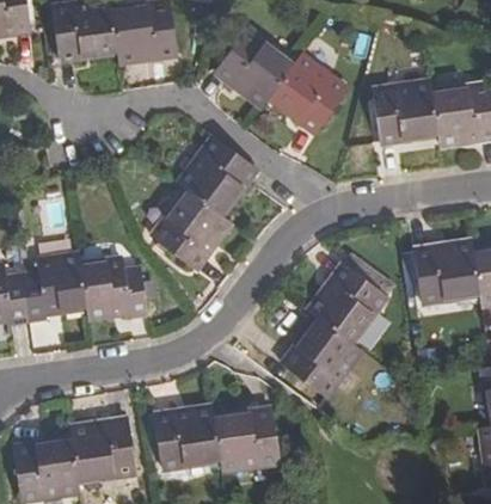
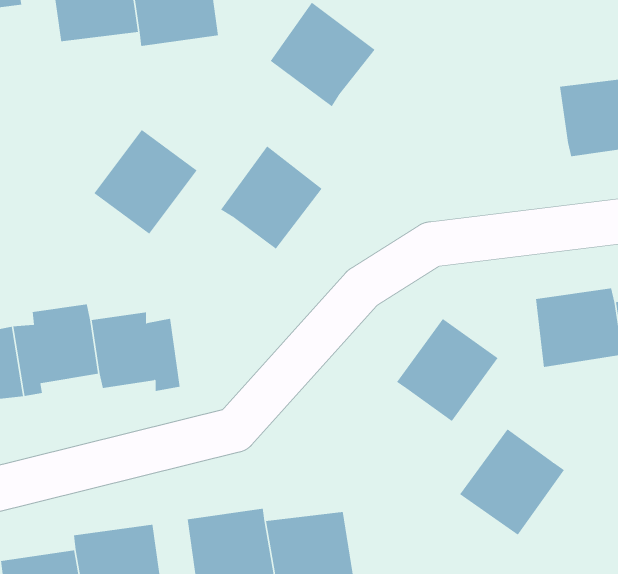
building: [268,55,349,135] -> none
building: [373,82,437,142] -> none
building: [152,190,229,269] -> [94,129,198,235]
building: [281,318,360,398] -> [459,429,565,536]

